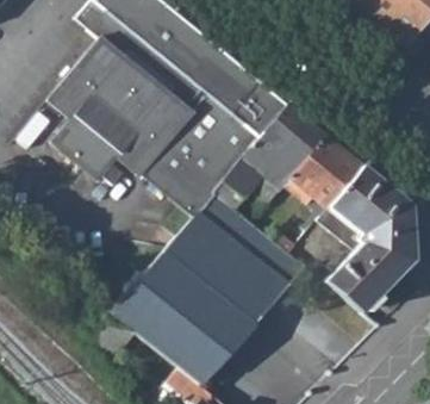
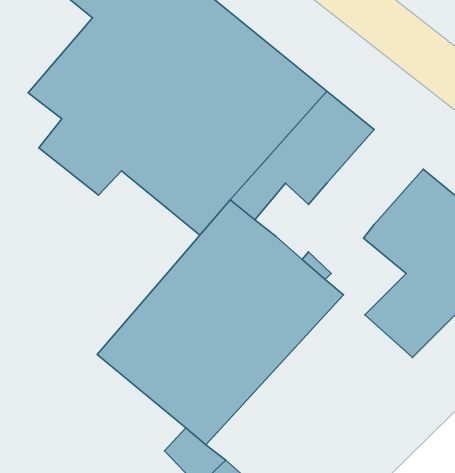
building: [293,136,368,210] -> none

